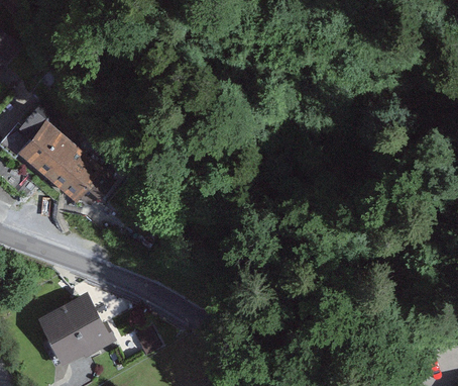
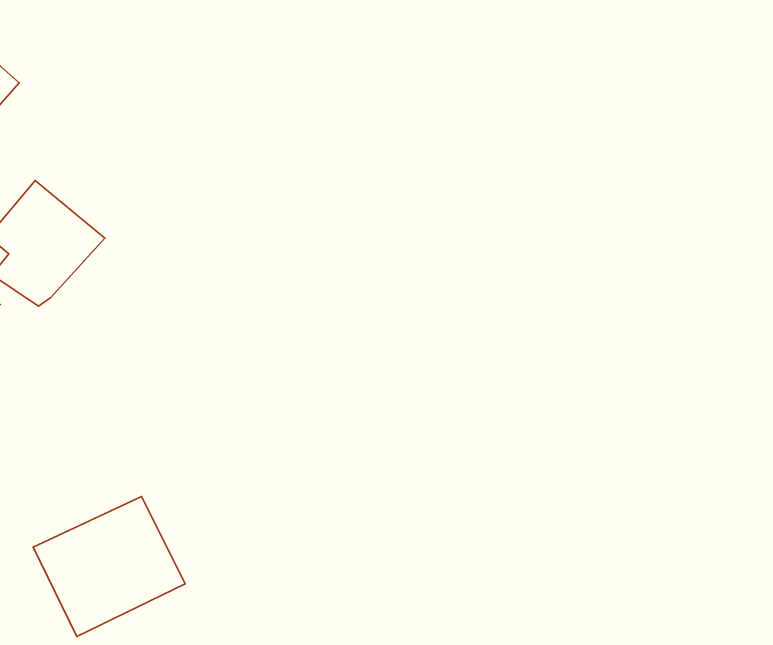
building: [39,140,103,205] -> none

